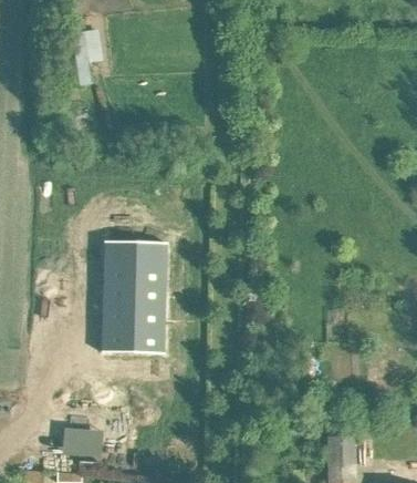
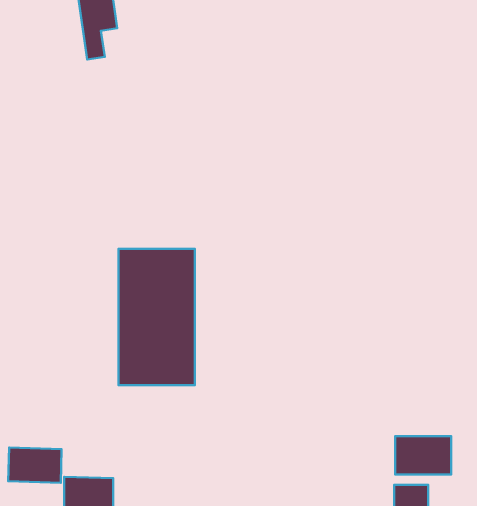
building: none -> [395,436,451,475]
building: none -> [8,448,62,483]

